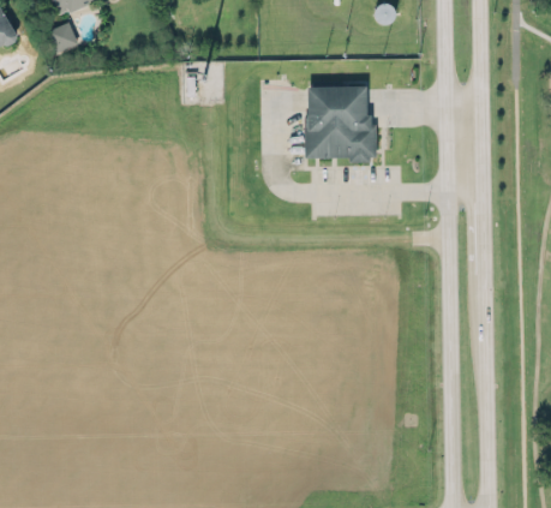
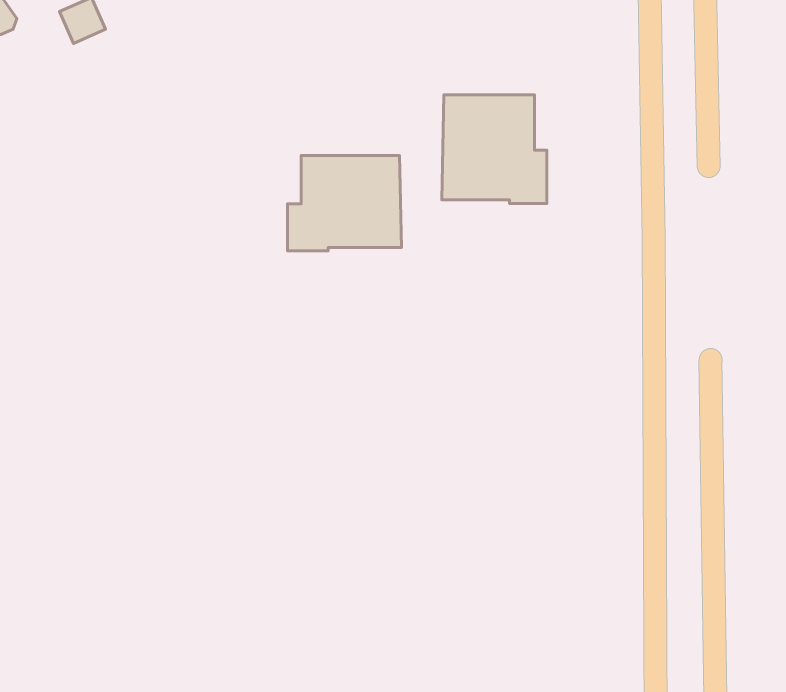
building: none -> [288,156,401,251]

